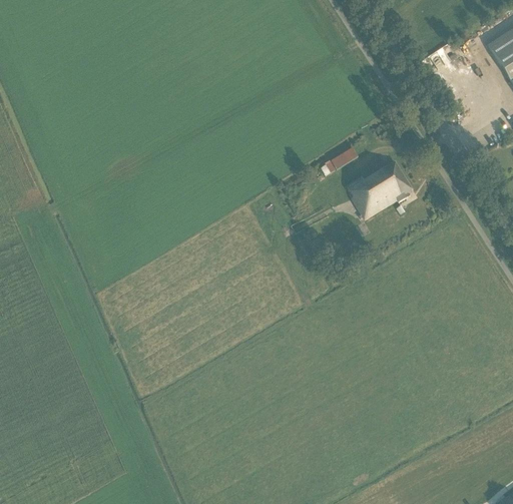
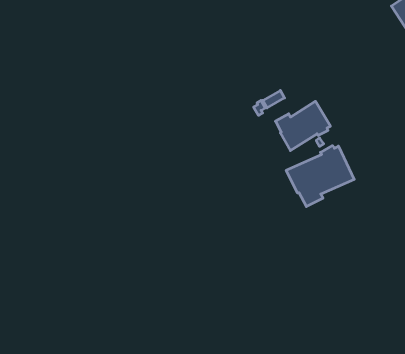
building: none -> [286,146,354,207]

